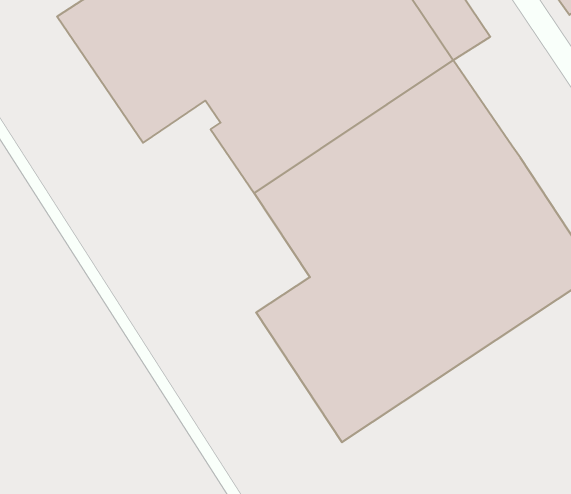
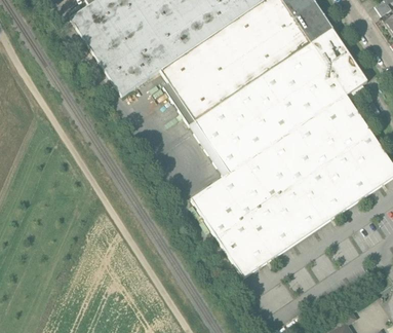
building: none -> [311,30,368,104]

